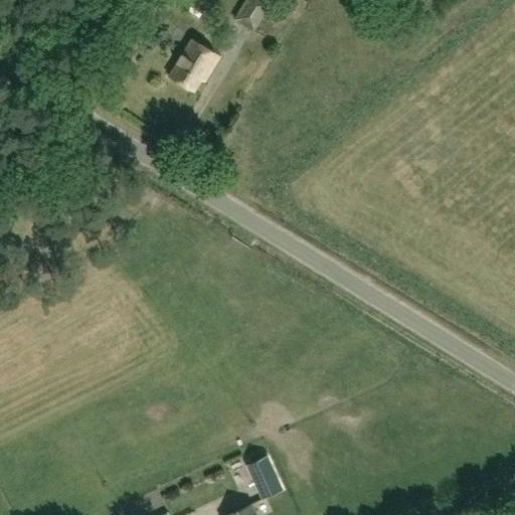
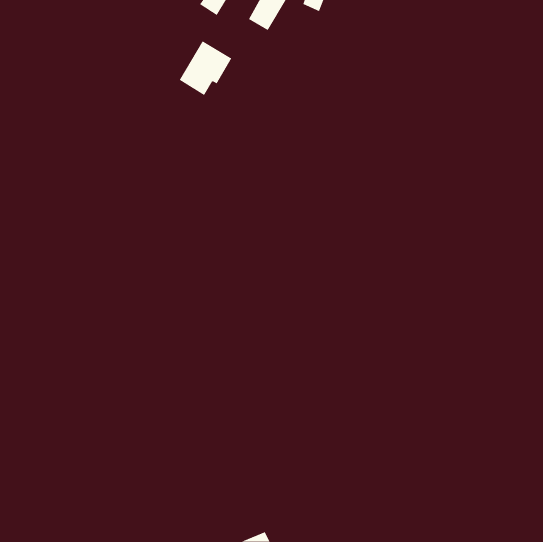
building: [246,456,282,498] -> none

